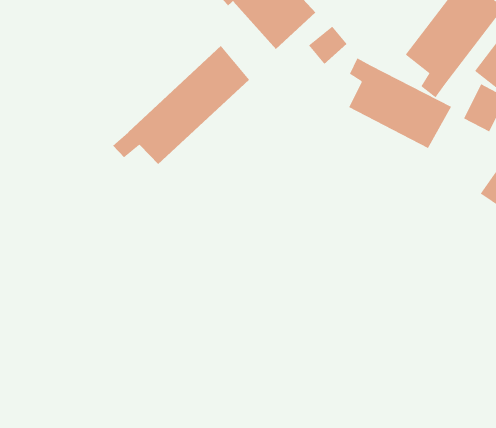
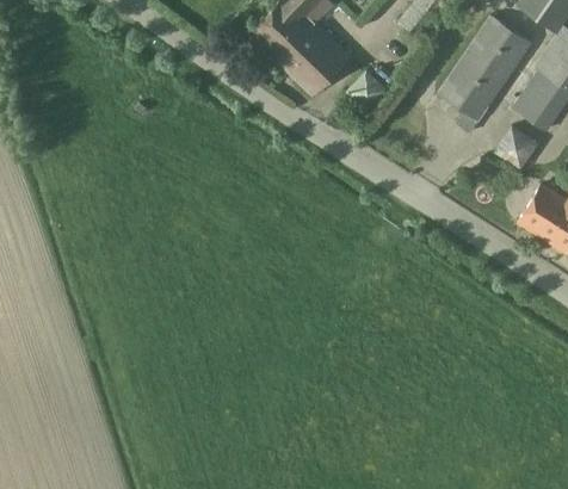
building: [112,45,250,165] -> none
building: [348,58,452,149] -> none

